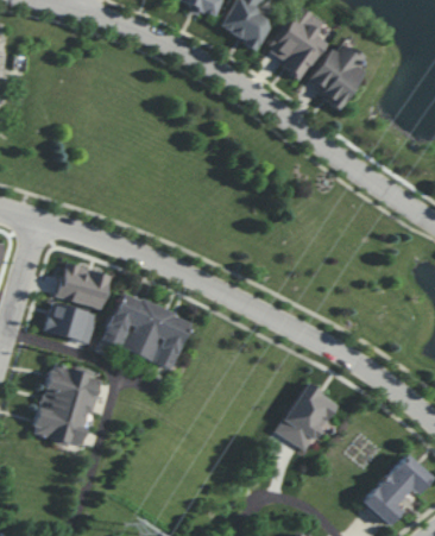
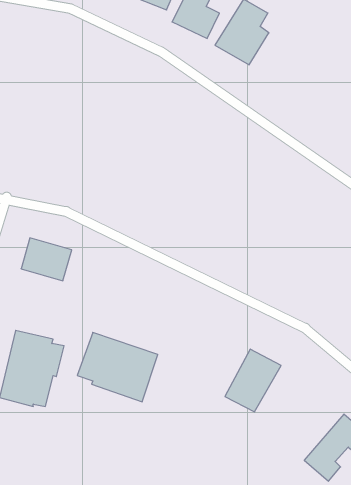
building: [308,39,367,106] -> none
building: [103,294,190,368] -> [77,332,158,402]
building: [46,303,96,342] -> none

